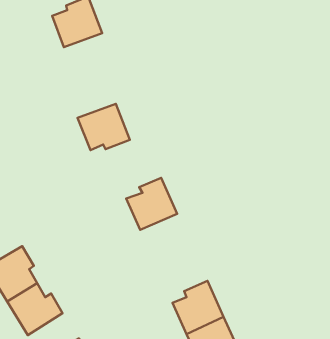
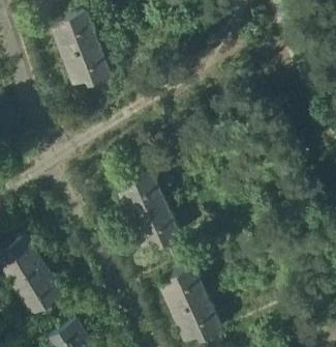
building: [78,104,130,150] -> [64,45,111,86]
building: none -> [132,206,180,249]

